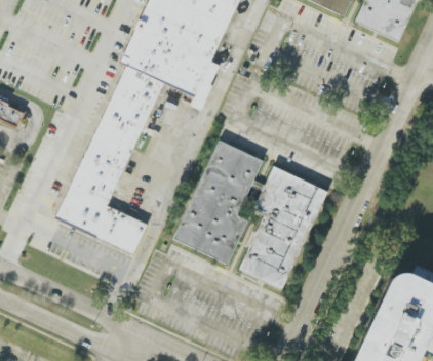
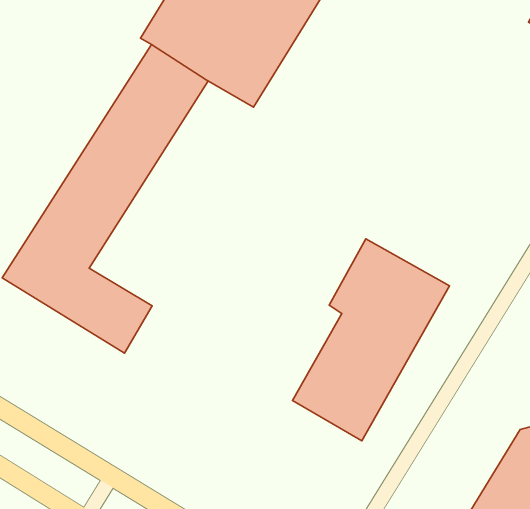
building: [176,142,263,264] -> none

